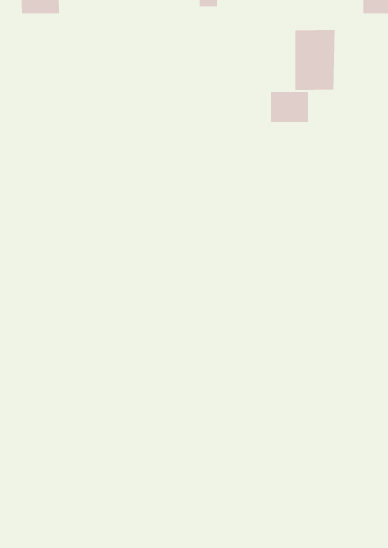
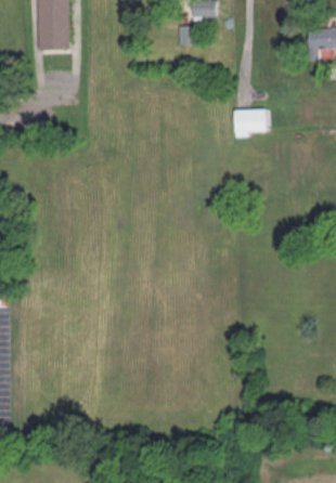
building: [294,29,335,91] -> none

